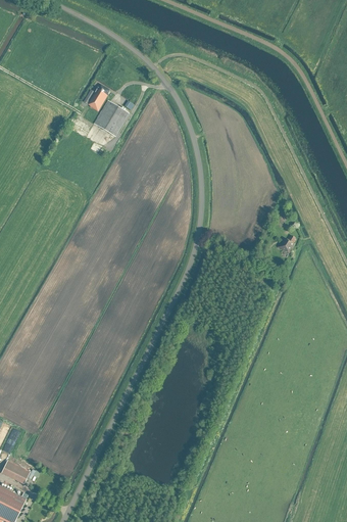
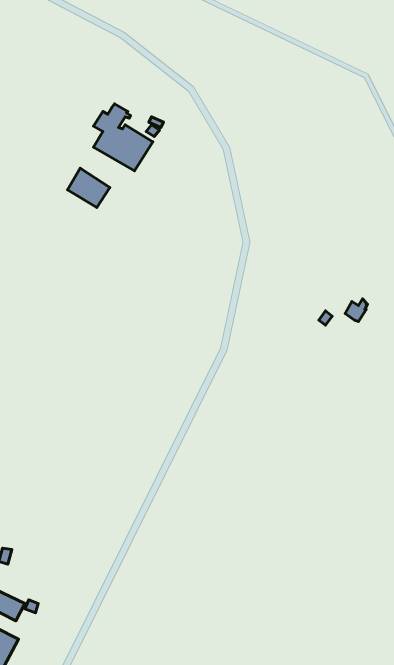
building: none -> [68,168,110,208]

